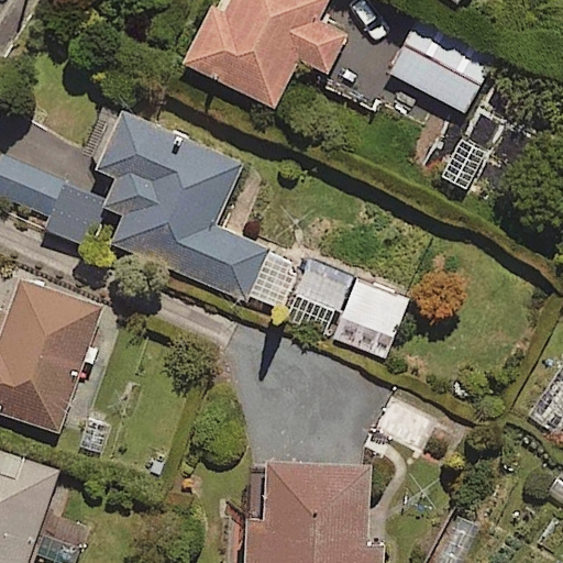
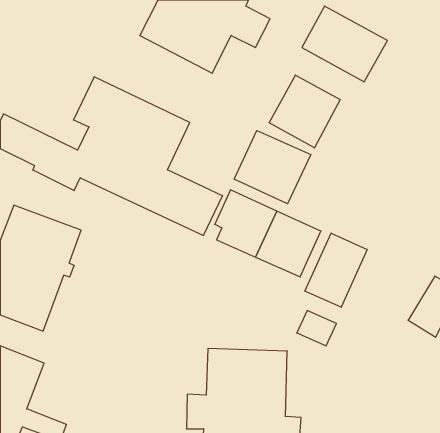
building: none -> [269,75,340,148]
building: none -> [234,131,311,204]
building: none -> [305,233,367,307]

